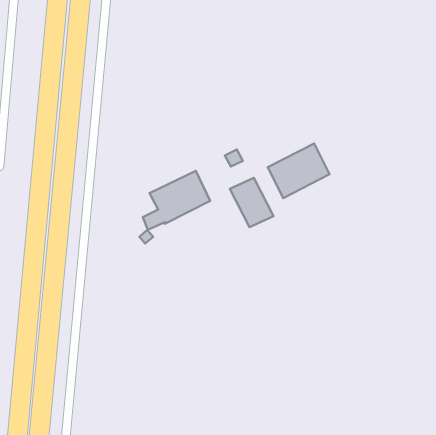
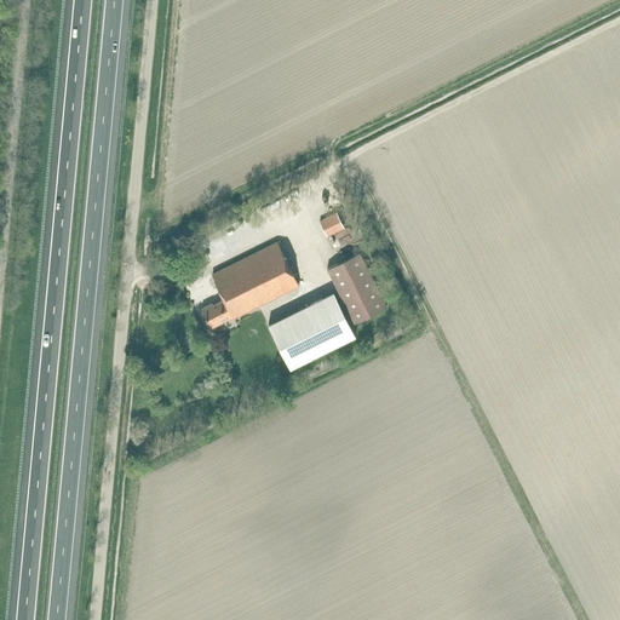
building: [268,143,329,198] -> [268,293,355,371]

